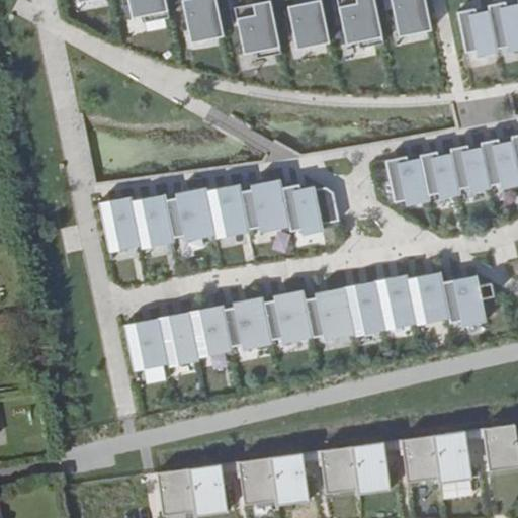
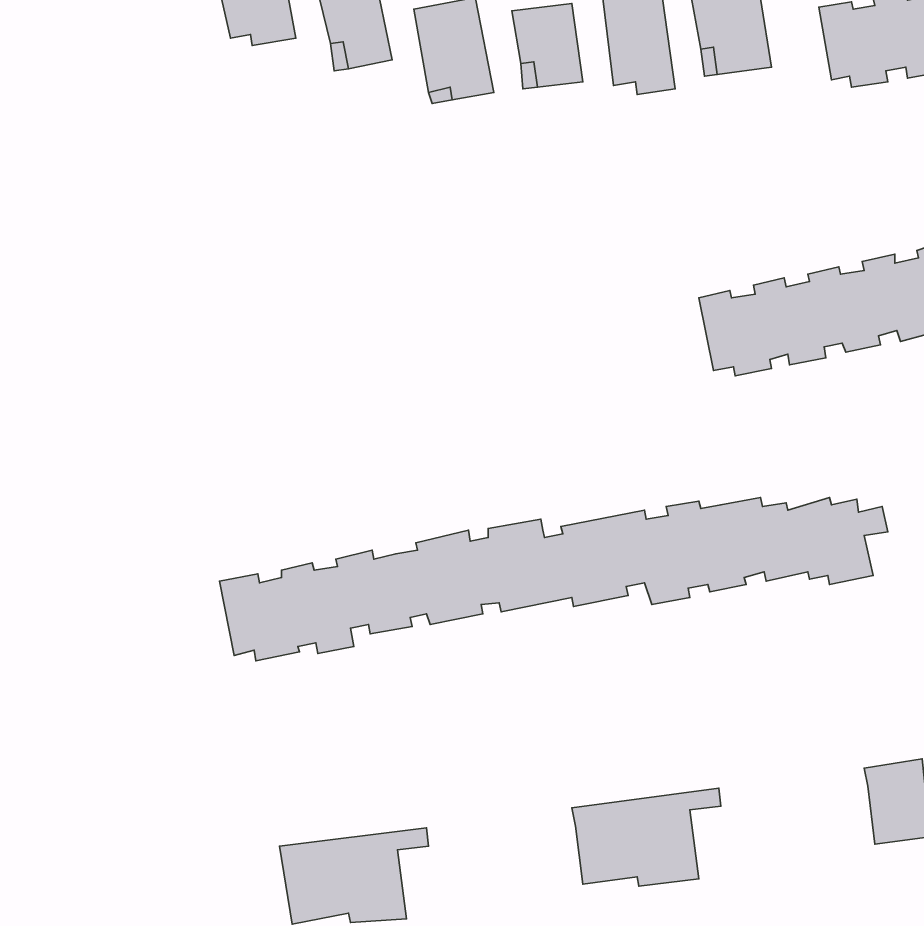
building: [100,178,338,250] -> none
building: [403,428,486,484] -> none
building: [240,450,323,505] -> none

